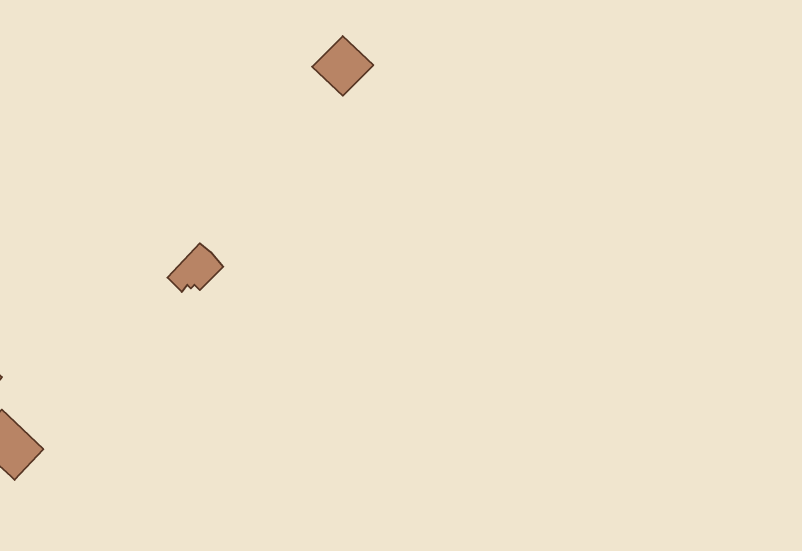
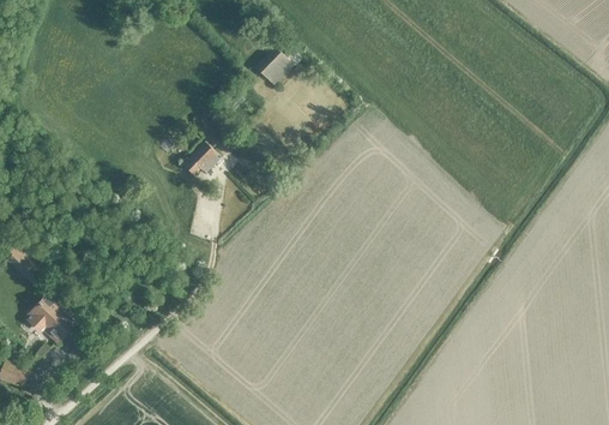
building: [167,243,223,292] -> [182,143,219,175]

